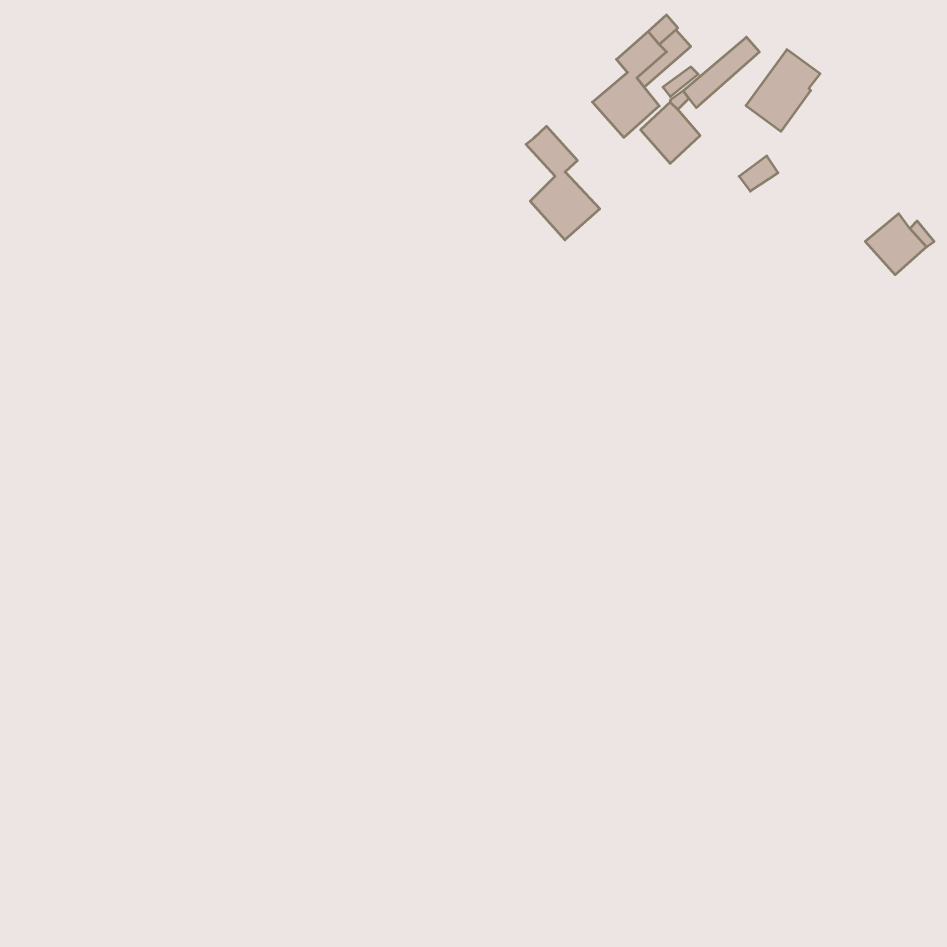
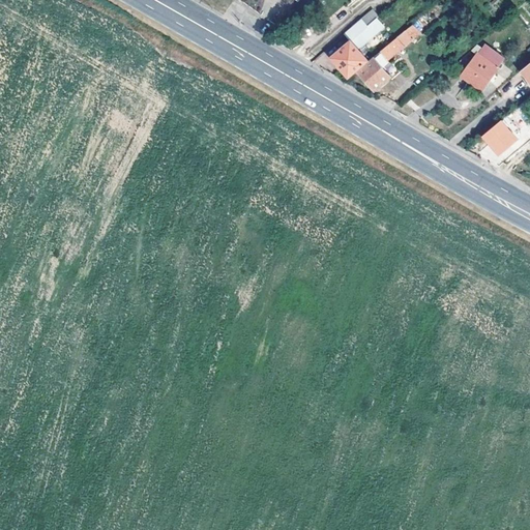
building: [746,50,820,131] -> [461,45,502,90]
building: [526,126,600,240] -> none

